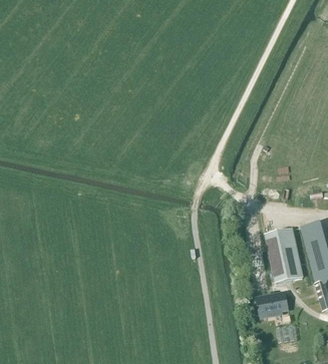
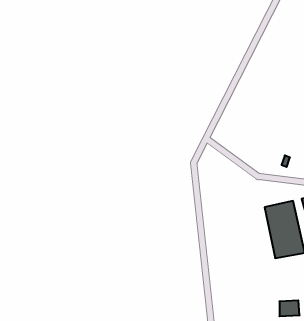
building: [256,294,286,319] -> none

